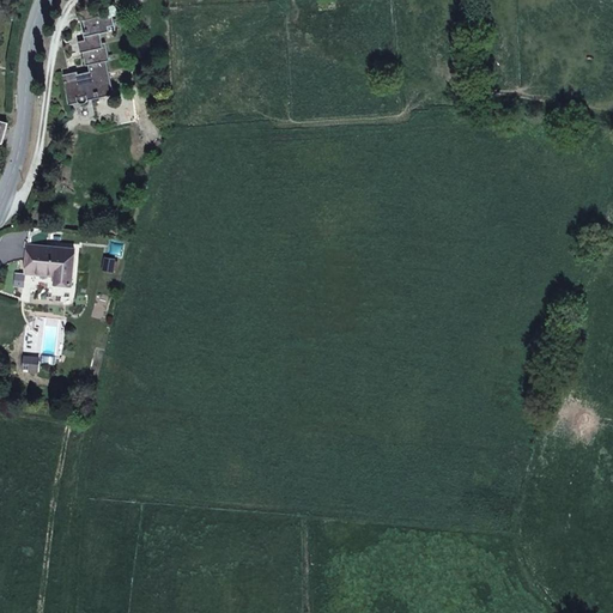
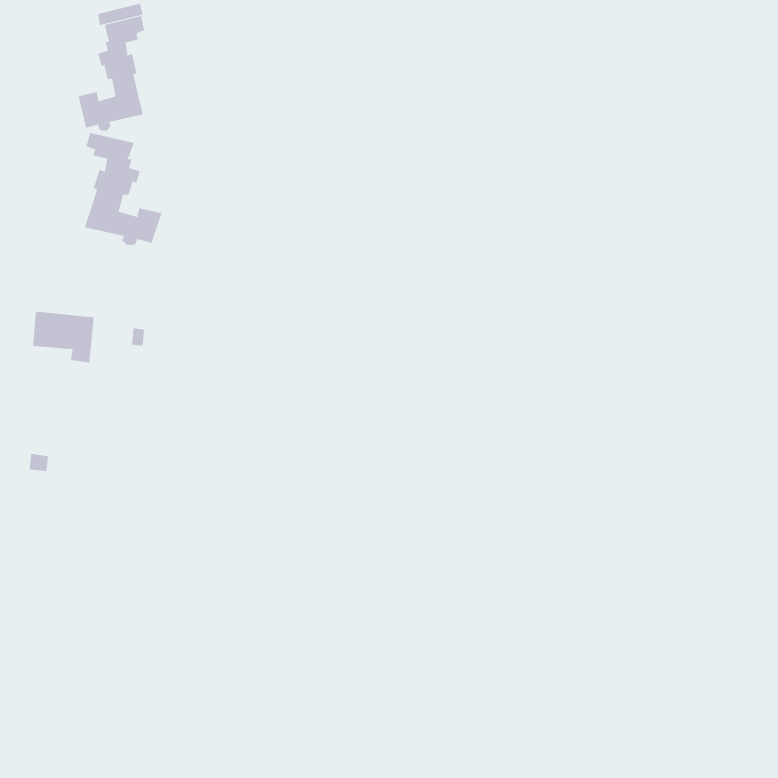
building: none -> [84,132,162,246]

